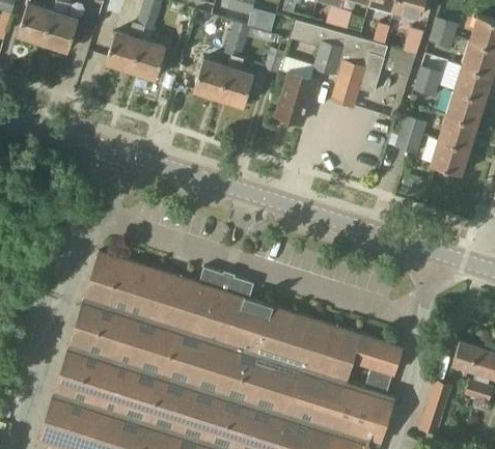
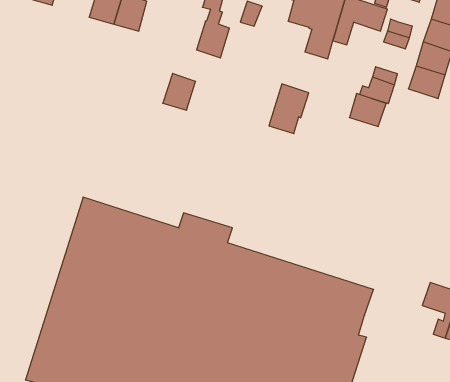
building: [192,60,226,99] -> [163,73,196,110]
building: [275,73,317,124] -> [269,84,309,134]
building: [431,139,469,173] -> [349,94,386,126]
building: [418,380,451,434] -> none

